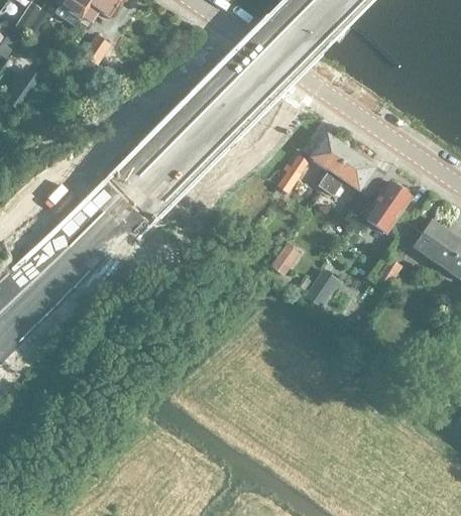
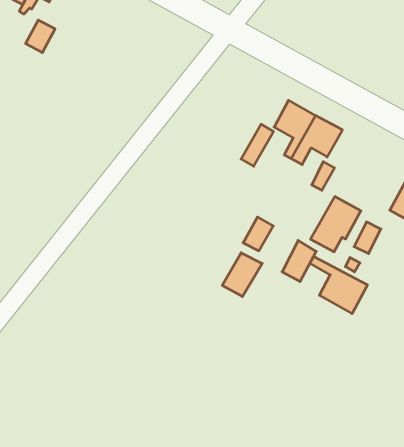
building: [362,179,413,232] -> [311,197,361,252]
building: none -> [222,253,262,297]
building: none -> [310,256,367,314]

